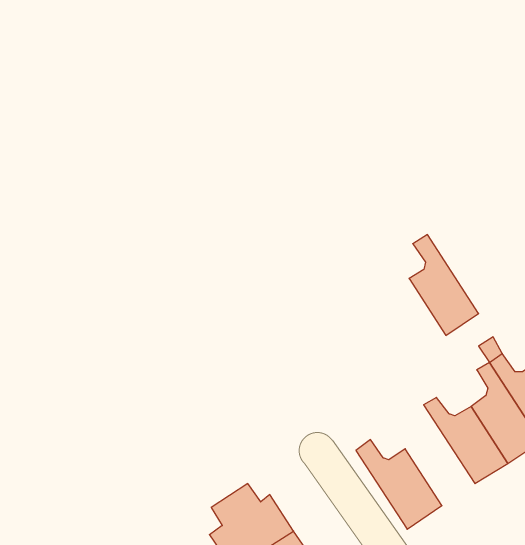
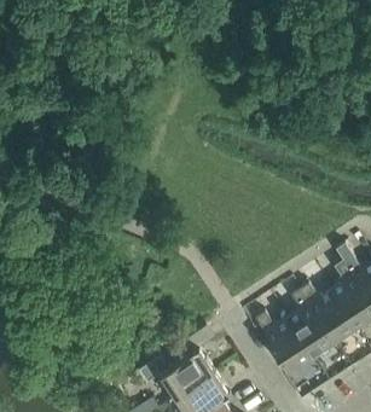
building: [409,235,479,335] -> [289,291,335,358]

